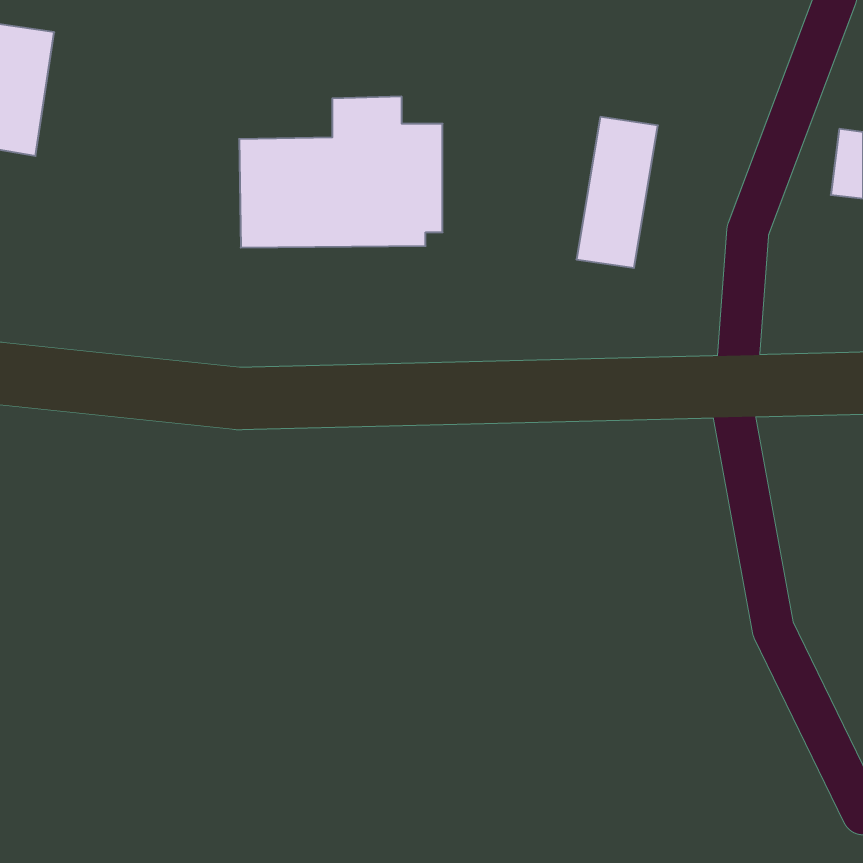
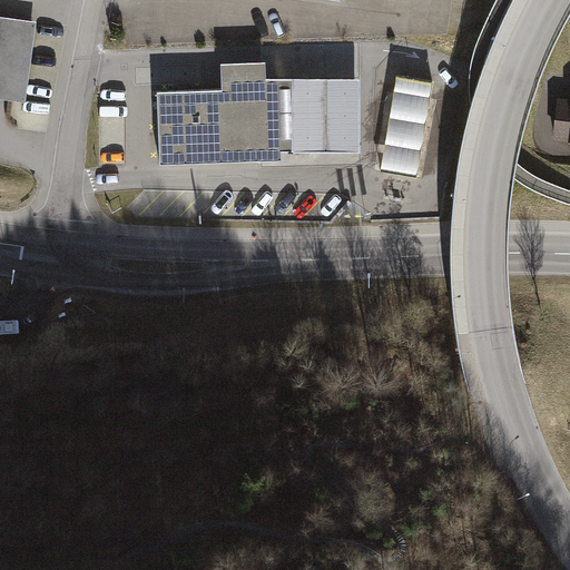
building: none -> [291,80,360,153]

